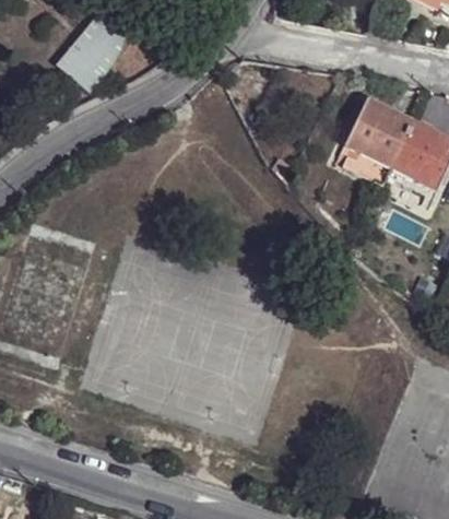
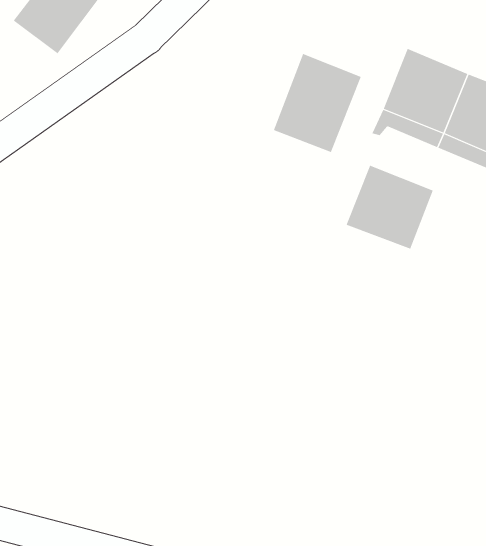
building: none -> [273,53,361,153]
building: none -> [346,165,433,250]

